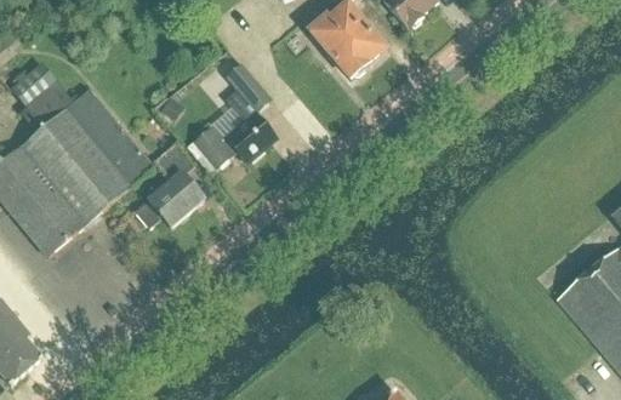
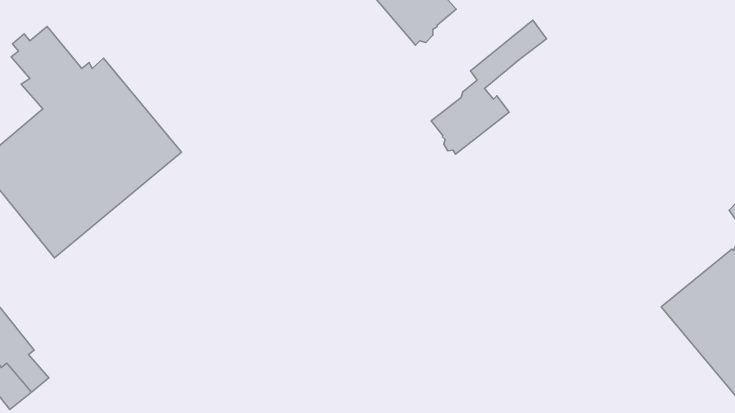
building: none -> [431,20,547,154]
building: [195,67,275,166] -> none
building: [133,142,204,227] -> none

